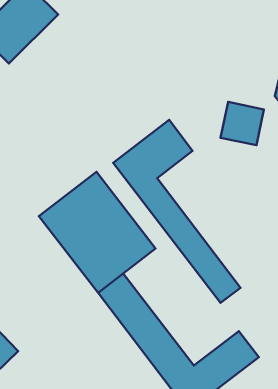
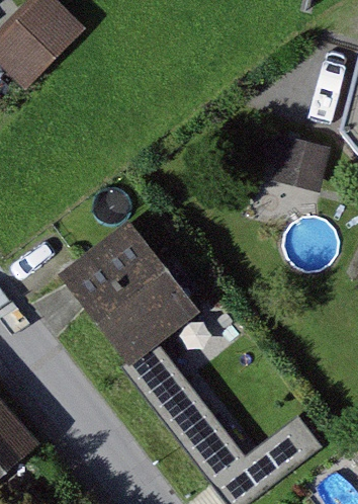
building: [113,120,240,303] -> none

